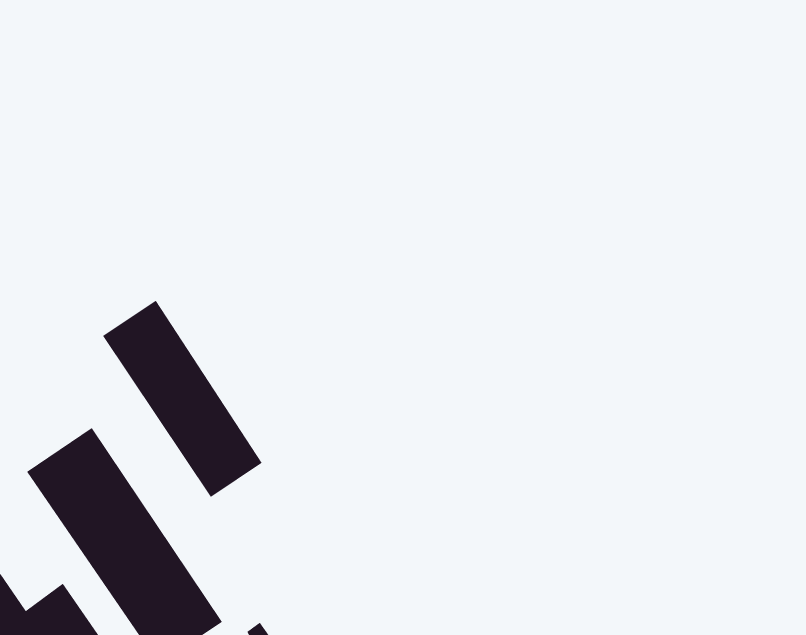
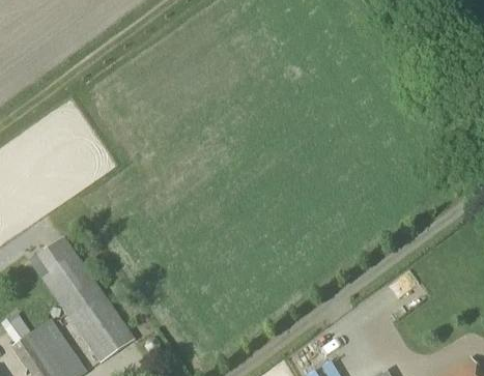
building: [102,300,263,498] -> none

